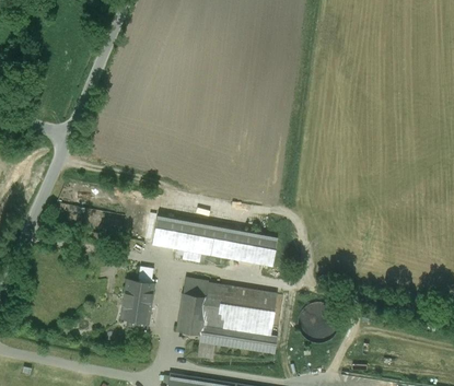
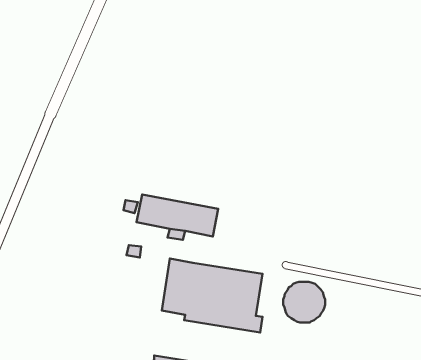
building: [228,230,277,265] -> none
building: [121,279,153,331] -> none

